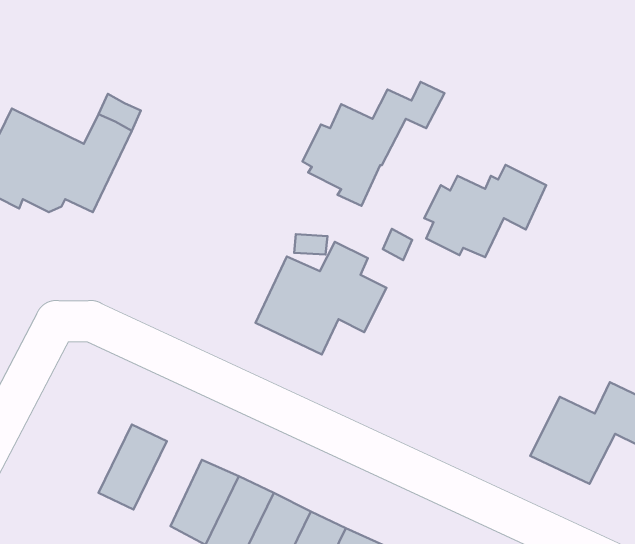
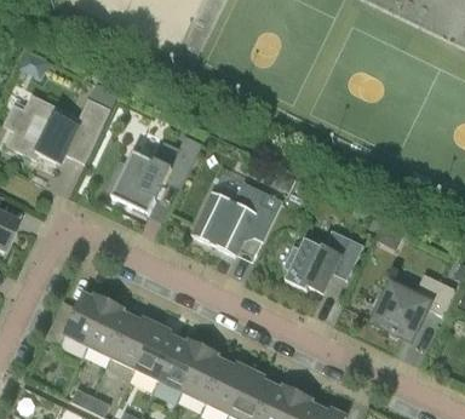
building: [303,82,445,206] -> [108,137,201,218]
building: [424,165,546,257] -> [283,231,363,292]
building: none -> [46,293,110,346]
building: none -> [111,312,156,368]

